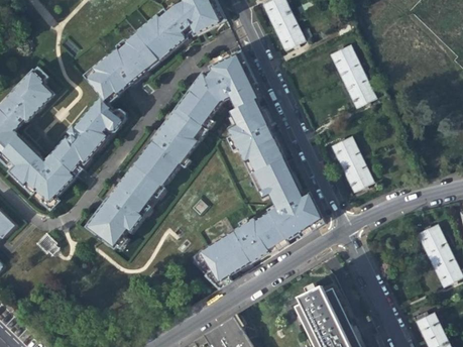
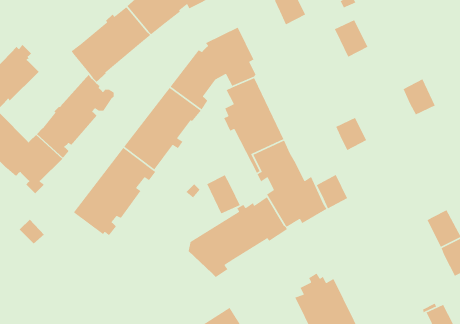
building: [344,71,375,106] -> [403,78,436,116]
building: [343,158,373,192] -> [316,174,348,209]
building: none -> [206,174,241,214]

